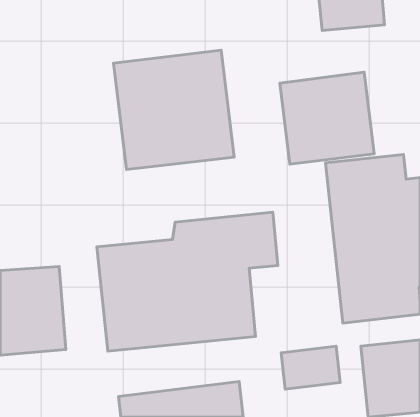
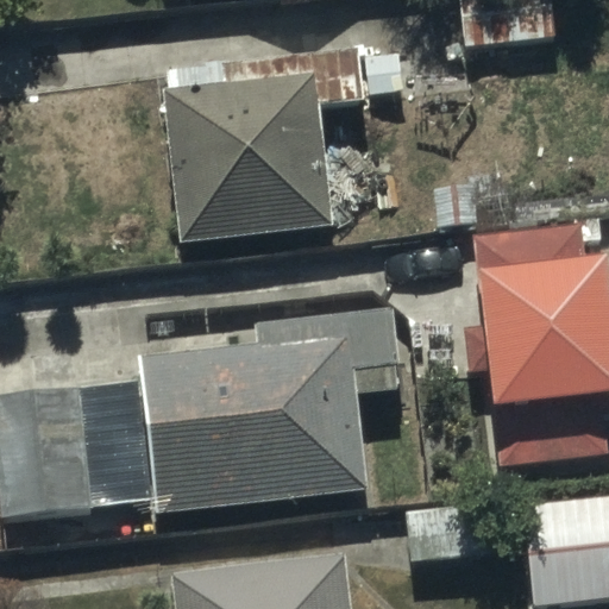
building: [280,72,374,164] -> none

